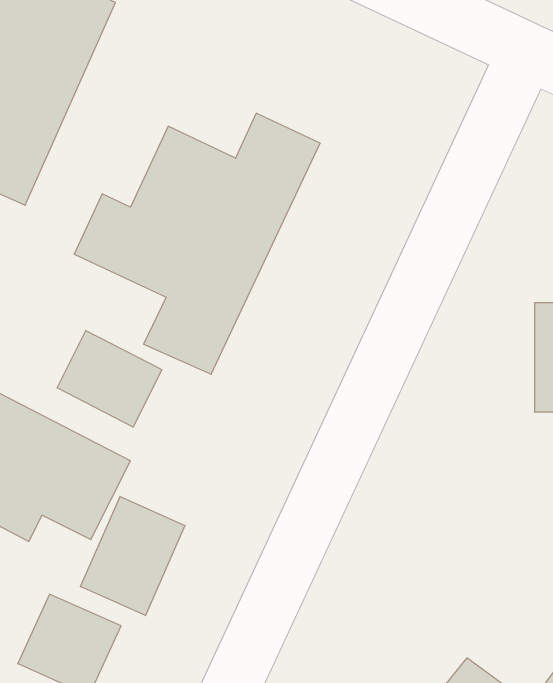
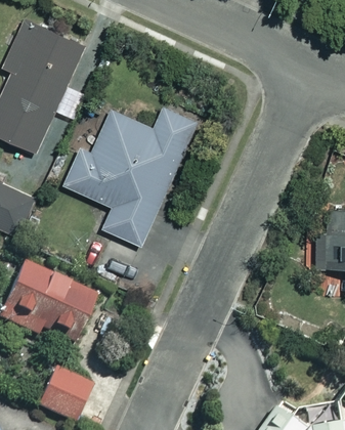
building: [57,330,162,427] -> none
building: [80,496,185,616] -> none

